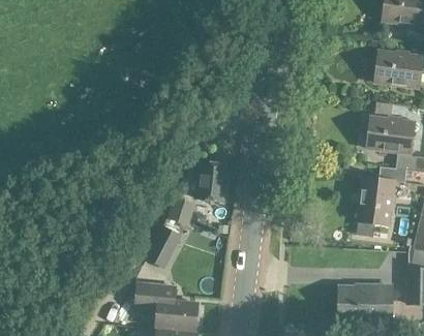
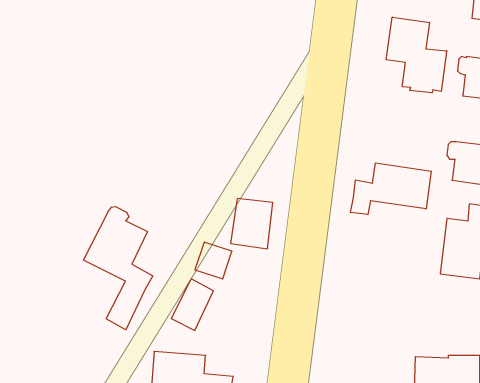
building: none -> [386,17,447,93]
building: none -> [351,163,431,215]
building: none -> [83,207,153,330]

